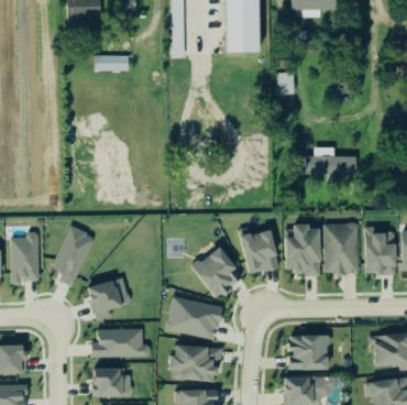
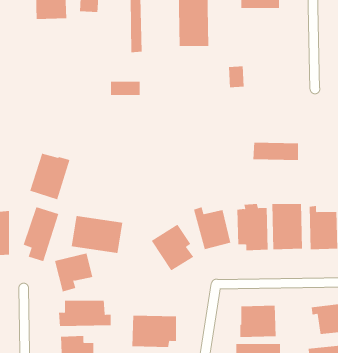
building: [95,56,128,72] -> [110,81,140,95]
building: none -> [30,153,70,200]
building: [165,297,222,339] -> [71,215,123,254]

